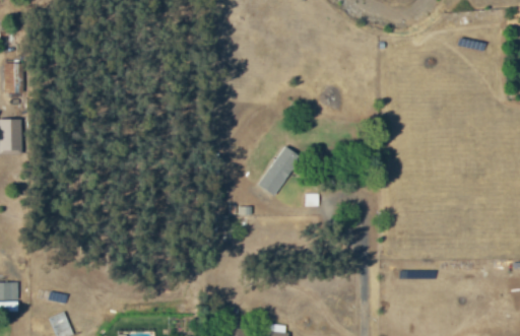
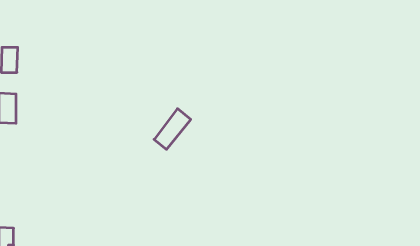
building: [257,145,302,195] -> [154,109,191,149]

